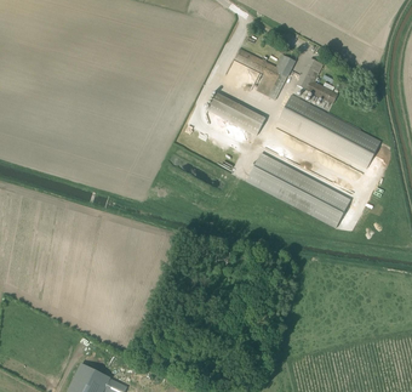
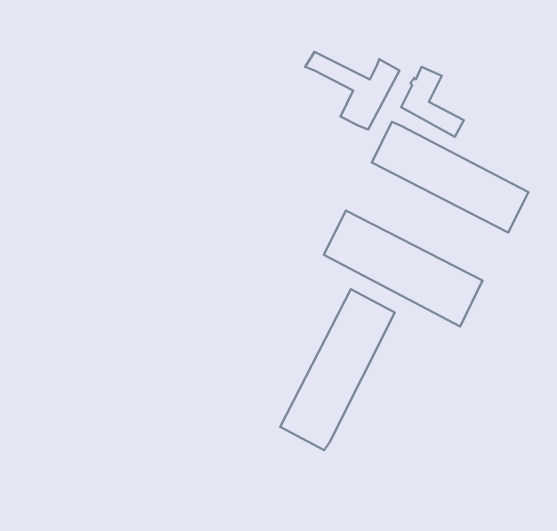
building: [206,92,264,136] -> none
building: none -> [280,289,395,450]

